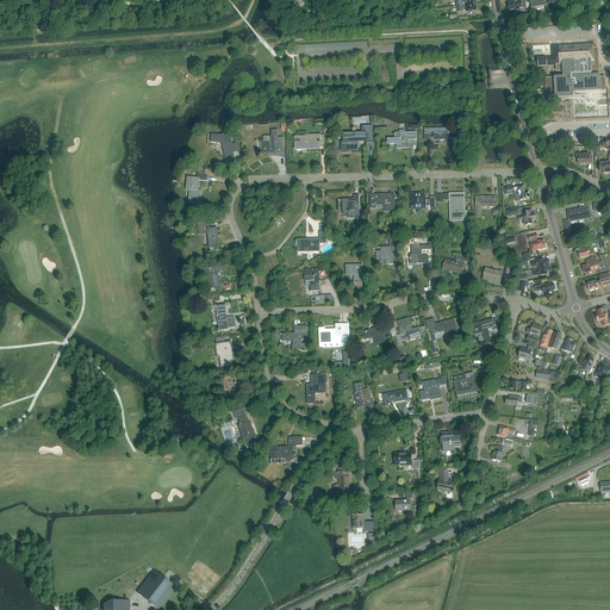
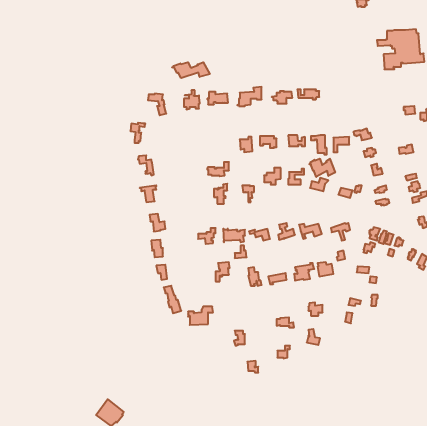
building: none -> [172,62,210,78]
building: none -> [309,159,335,177]

